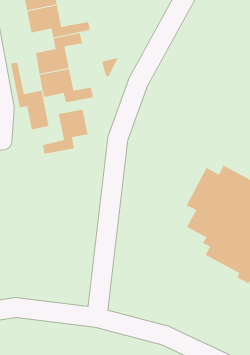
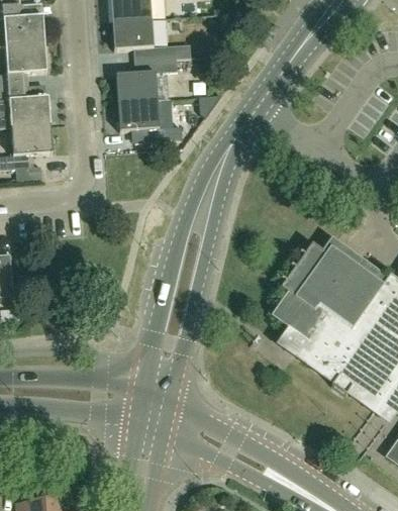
building: [11,62,49,130] -> none
building: [42,109,88,155] -> none

